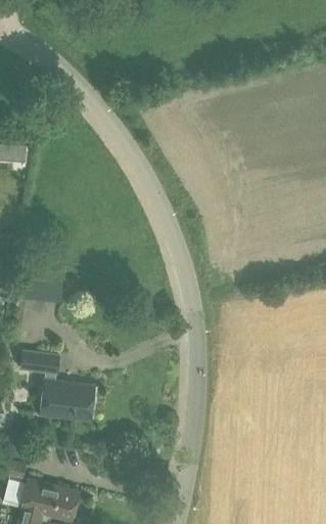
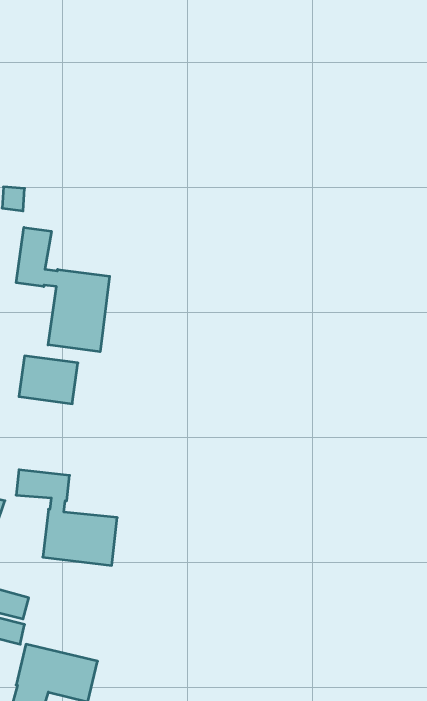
building: none -> [16,227,110,352]

